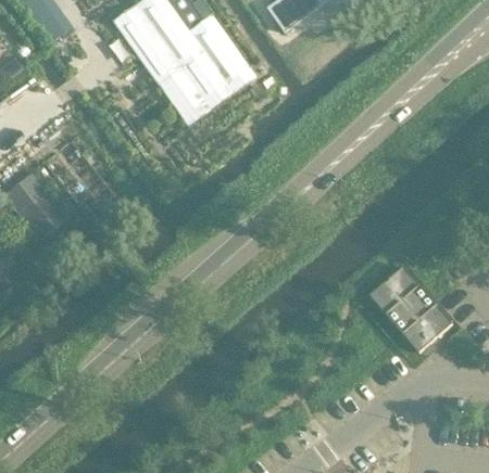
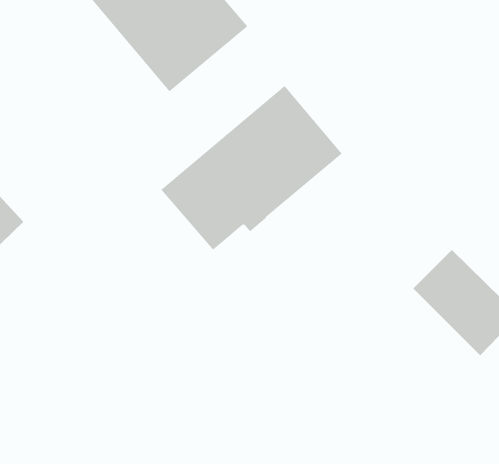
building: none -> [161,85,343,251]

